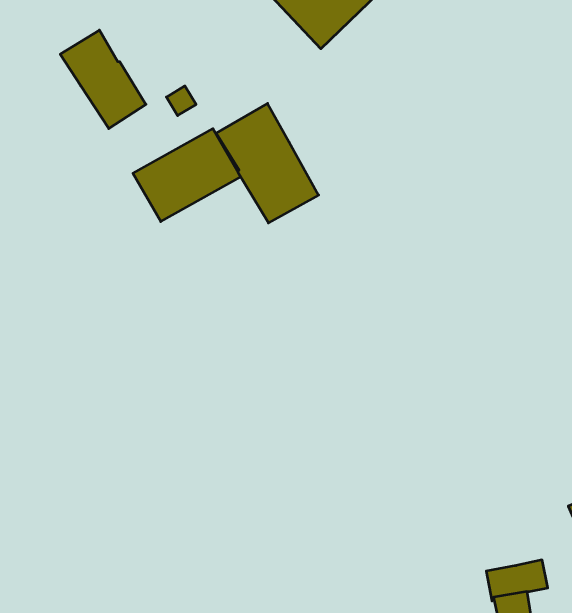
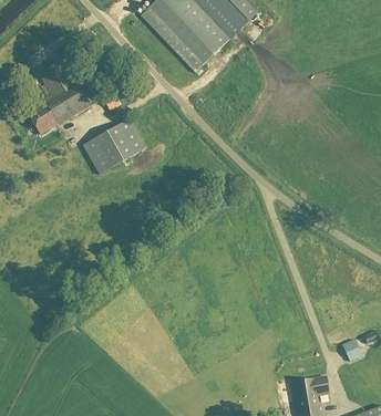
building: none -> [27,93,69,134]
building: [216,103,319,223] -> none

